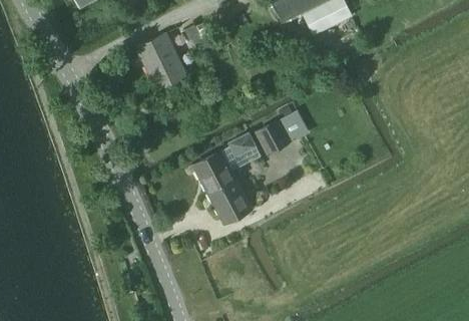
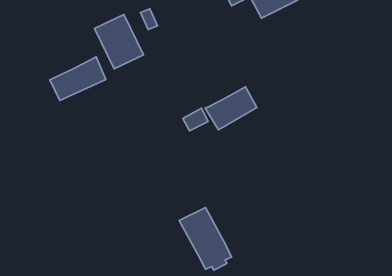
building: none -> [50,57,106,101]
building: [192,151,249,219] -> [179,207,232,270]

